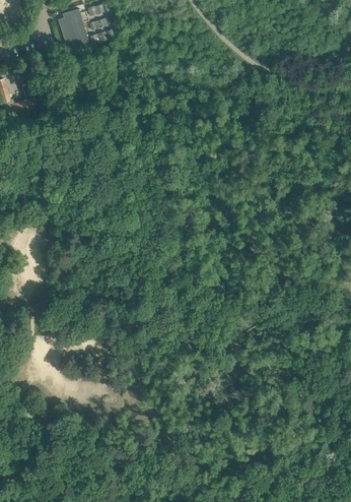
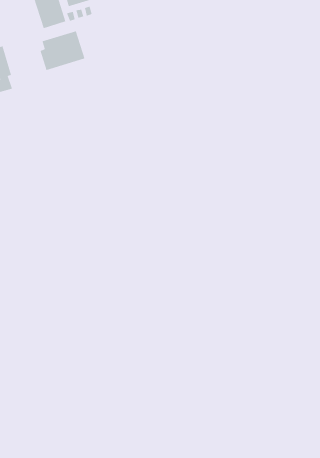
building: none -> [40,30,85,71]

